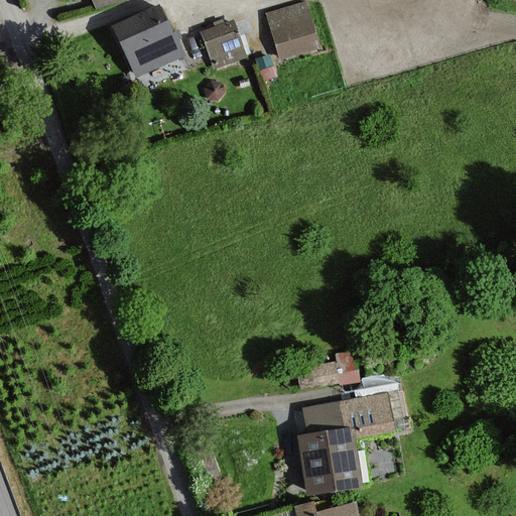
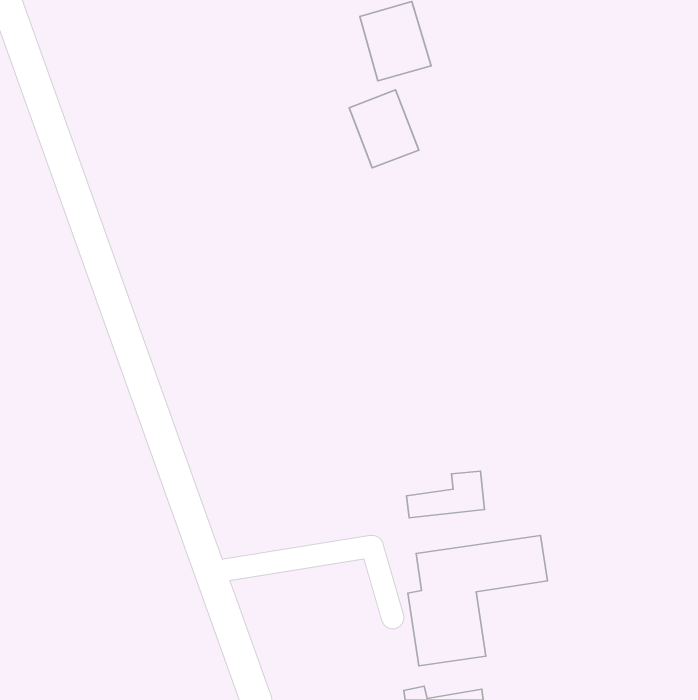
building: [115,7,180,75] -> none
building: [198,13,249,71] -> [349,90,419,168]

